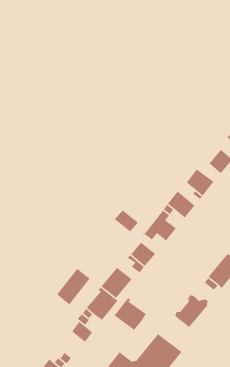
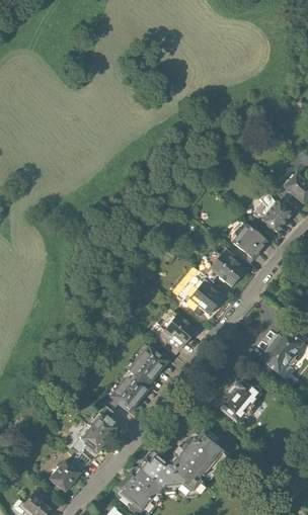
building: [114,209,139,232] -> none
building: [56,268,91,306] -> none
building: [114,297,147,331] -> none
building: none -> [78,426,107,452]

